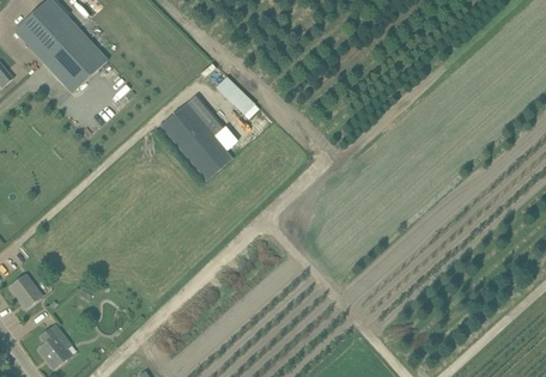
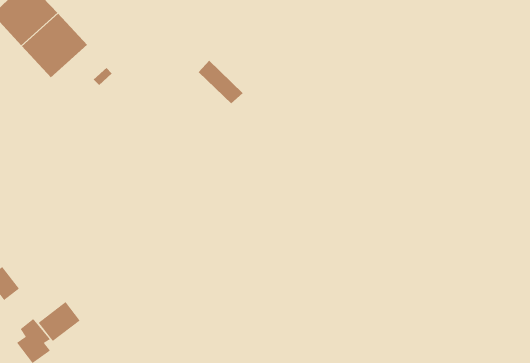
building: [160,102,238,181] -> none
building: none -> [38,301,81,342]

